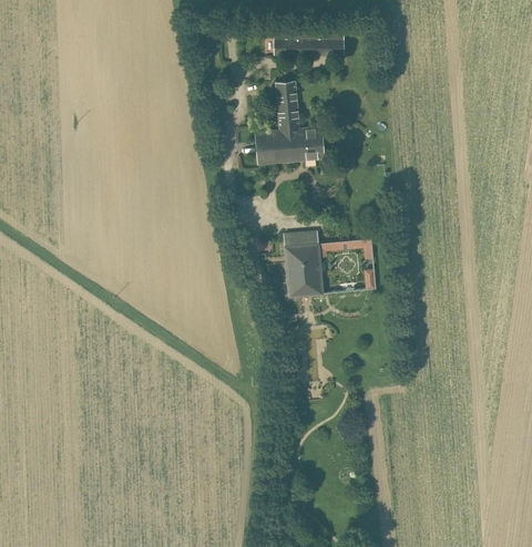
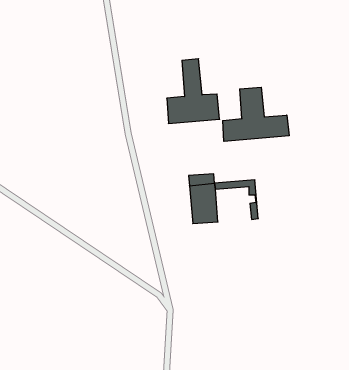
building: [273,27,344,54] -> none
building: none -> [223,87,289,141]

